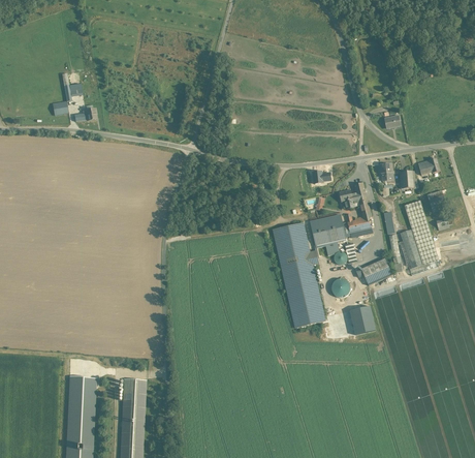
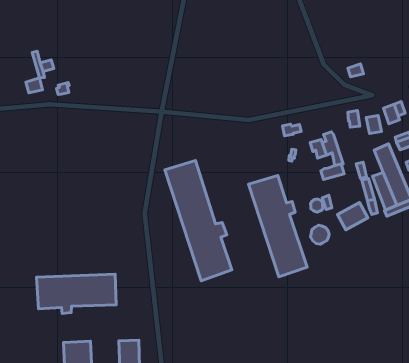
building: none -> [165,160,232,281]
building: [311,214,346,246] -> none
building: [350,306,376,335] -> none
building: none -> [36,274,116,314]

